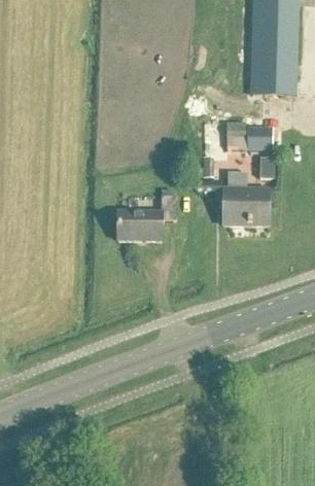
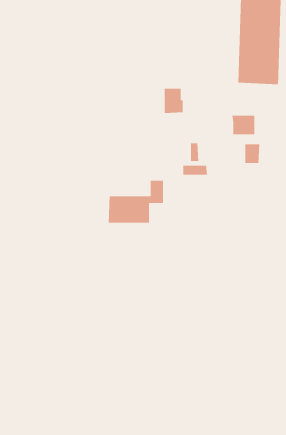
building: [226,121,247,148] -> [164,88,183,114]
building: [222,171,269,224] -> none

